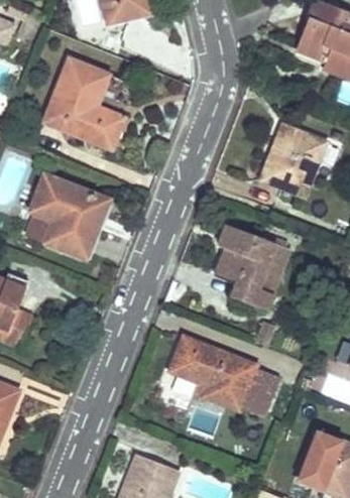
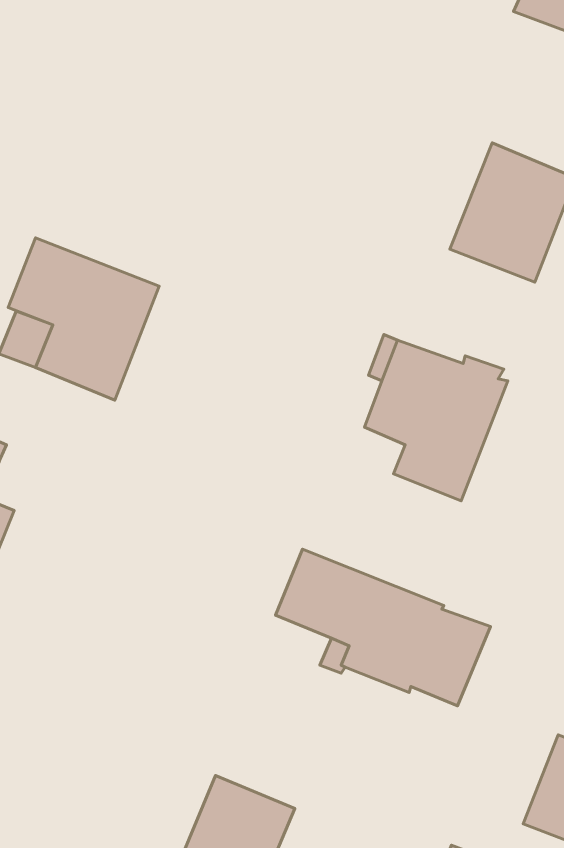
building: [43,57,123,148] -> none

